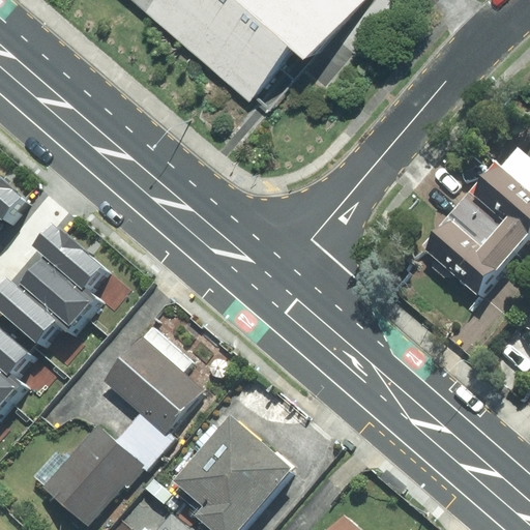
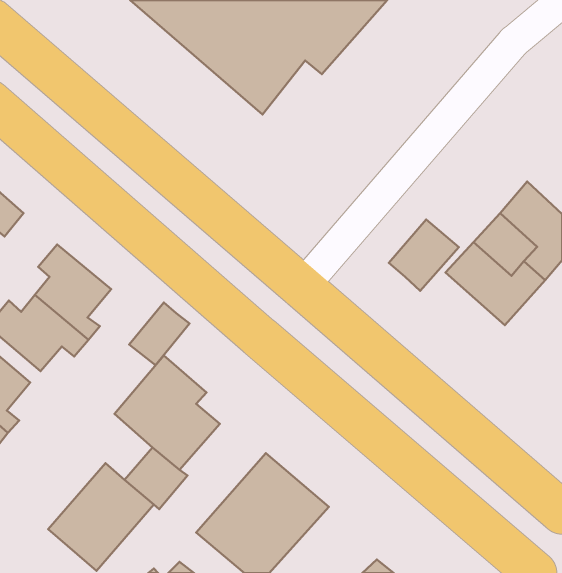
building: none -> [389,220,459,291]
building: none -> [129,302,189,365]

